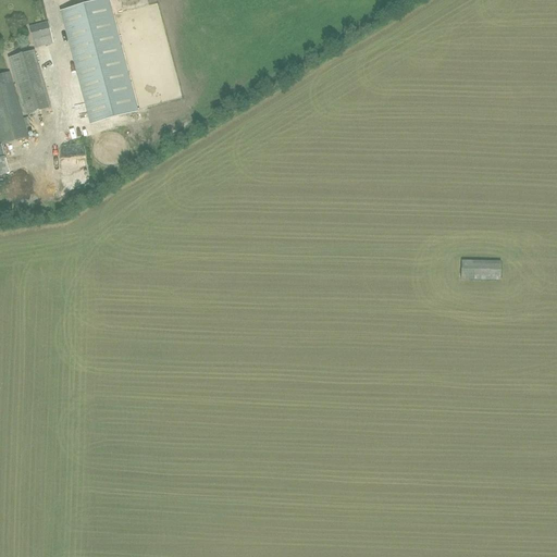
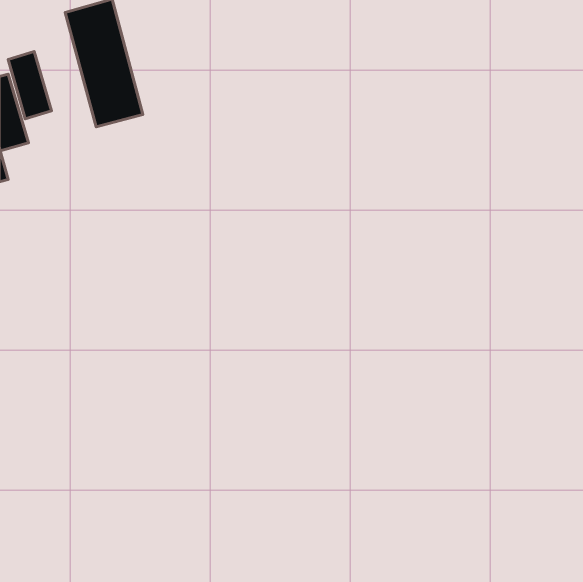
building: [28,20,52,47] -> none
building: [460,259,499,277] -> none

